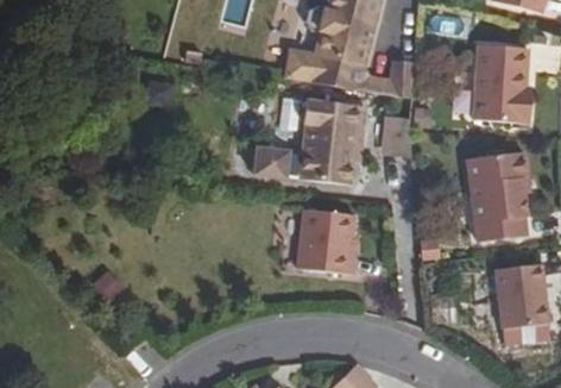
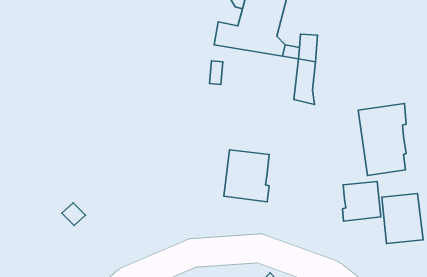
building: [472,43,530,121] -> none
building: [257,98,367,183] -> none
building: none -> [342,181,381,221]

